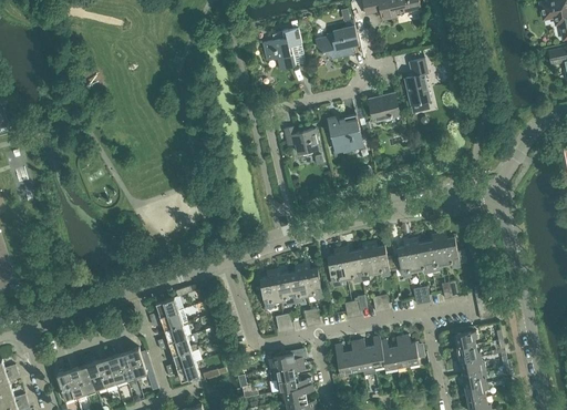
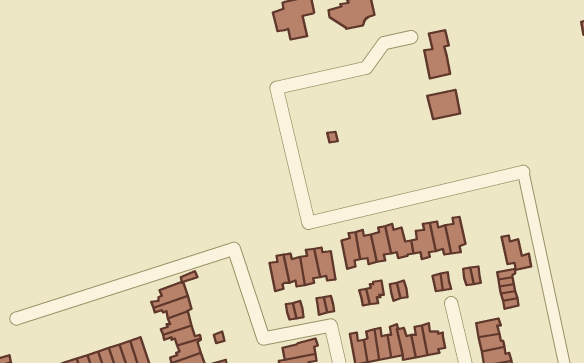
building: [369,94,400,122] -> [427,90,460,119]
building: [328,115,363,152] -> none
building: [284,127,320,154] -> none
building: [439,234,466,266] -> [502,236,531,270]

